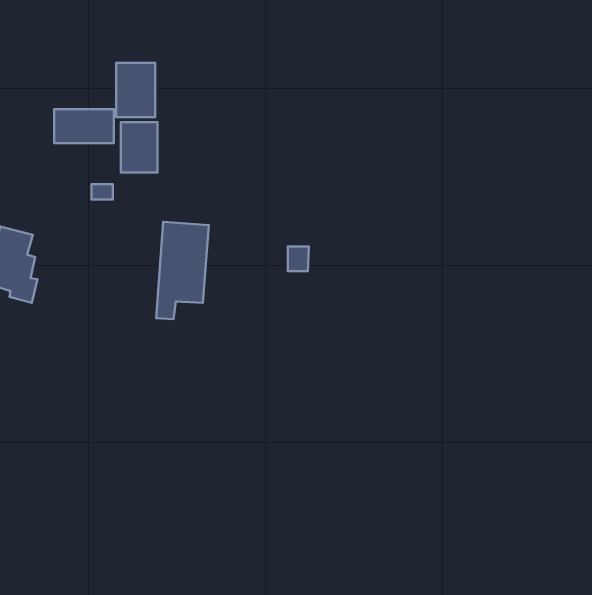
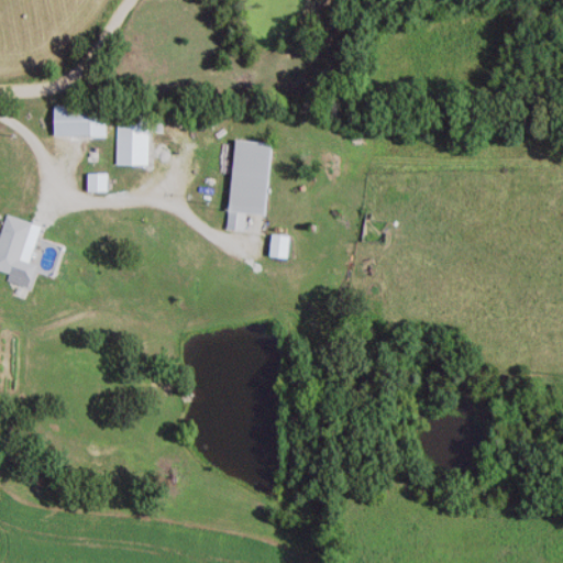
building: [116,63,155,117] -> none
building: [156,222,209,319] -> [225,141,275,232]

